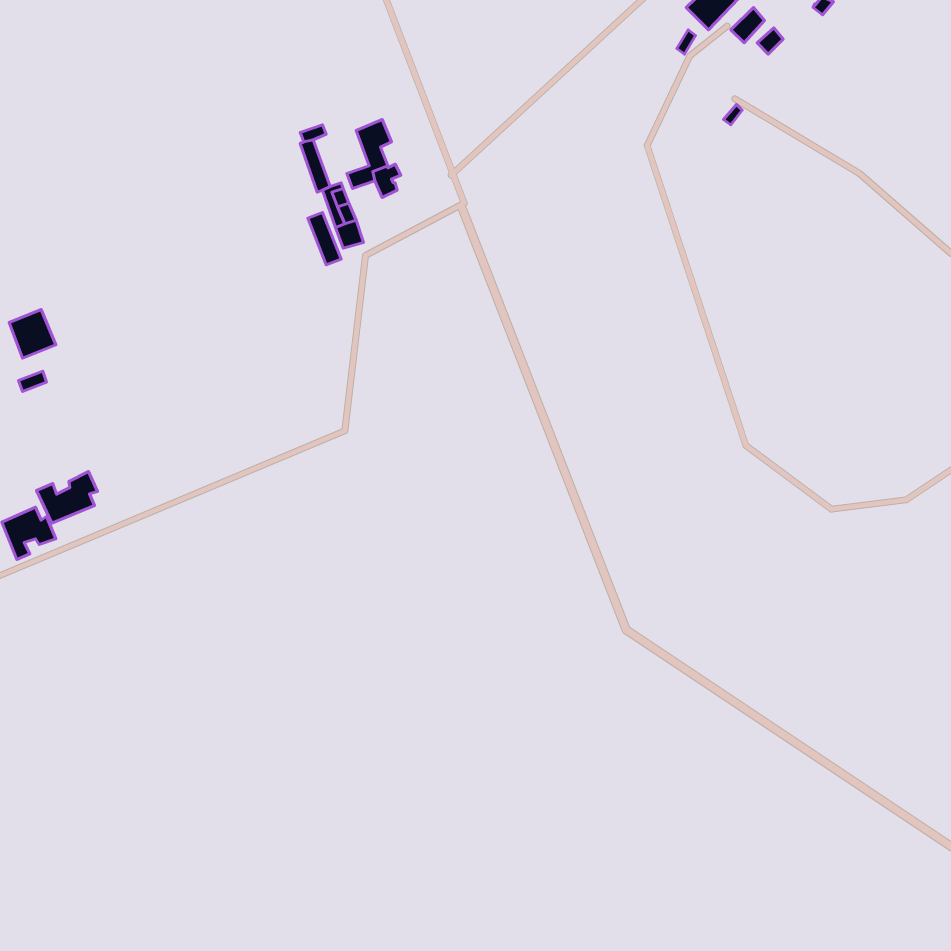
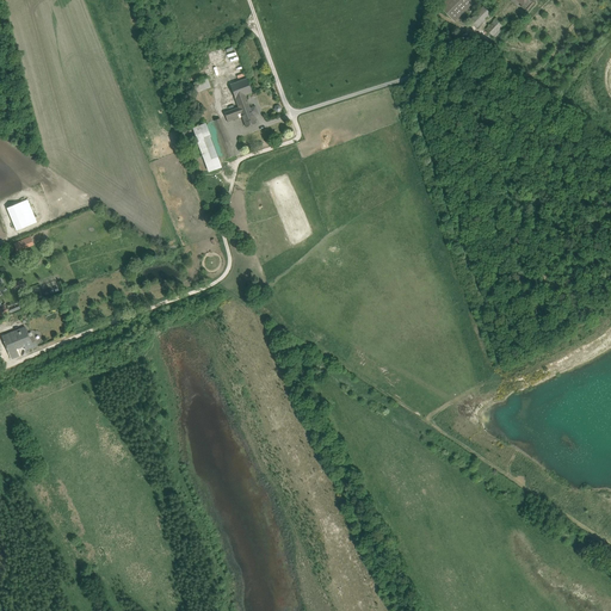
building: [37,472,98,523] -> none

